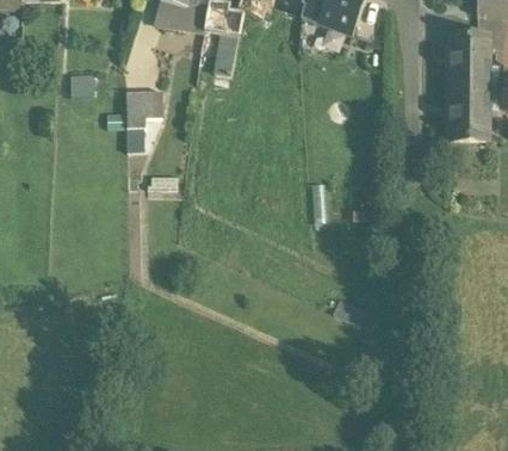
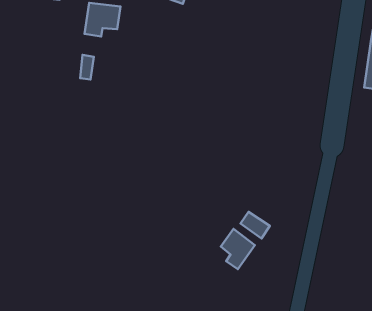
building: none -> [221,229,255,269]

